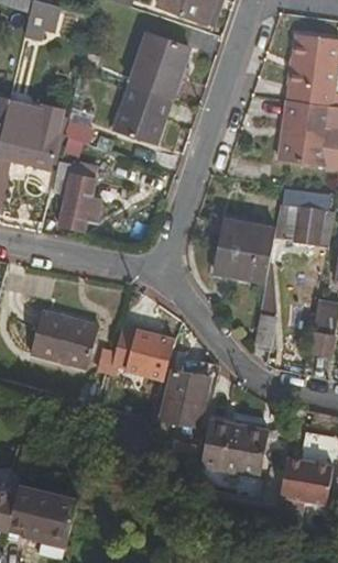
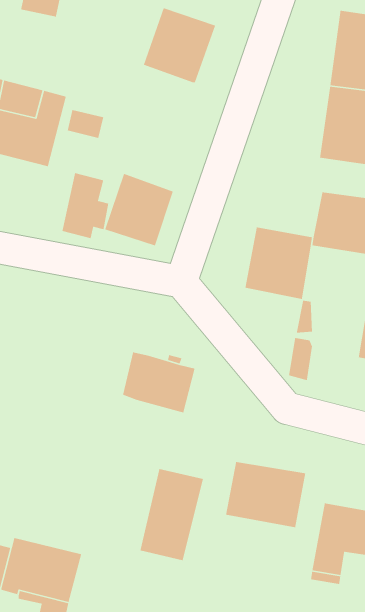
building: [112,82,172,145] -> [104,173,174,246]
building: [30,310,99,369] -> none
building: [161,350,216,429] -> [139,468,204,561]

